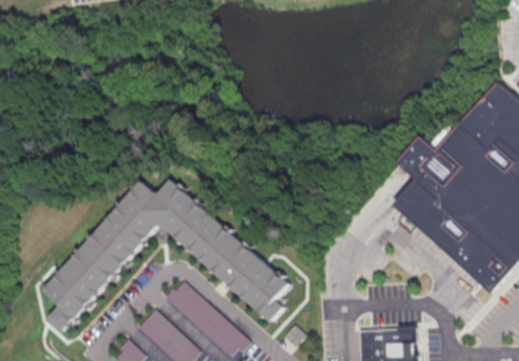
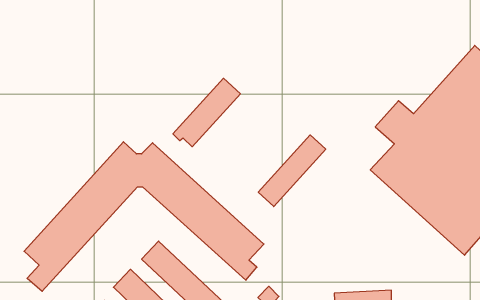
building: none -> [173,78,240,147]
building: none -> [258,135,326,207]

